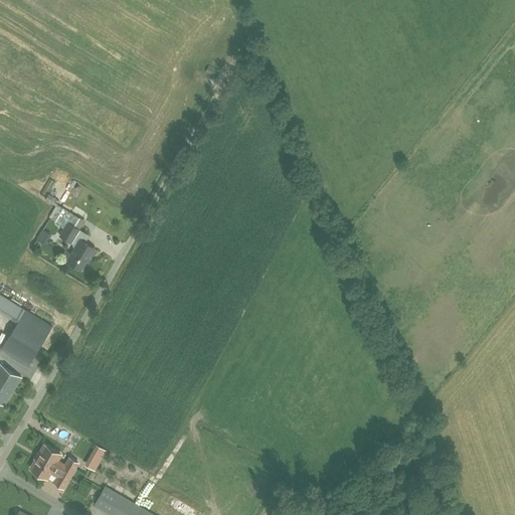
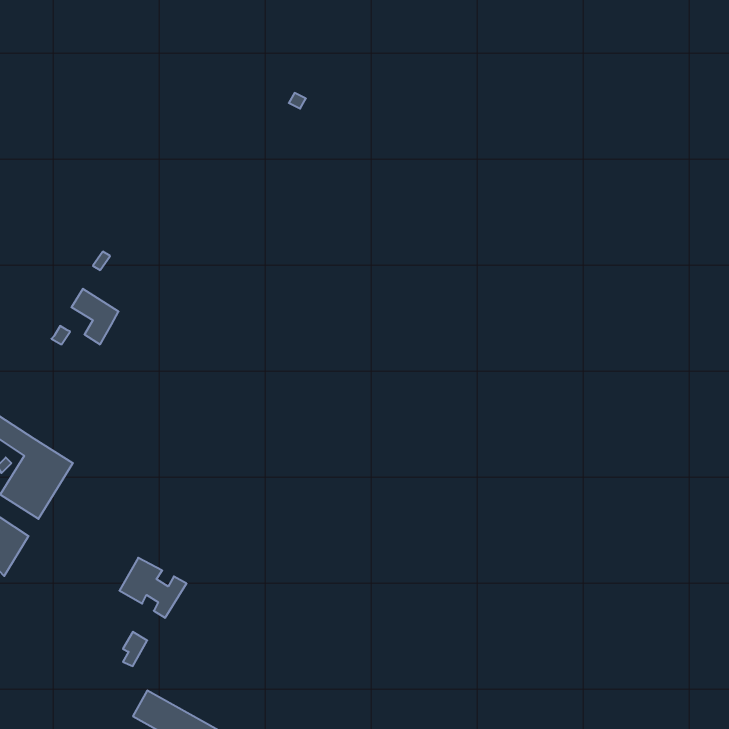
building: [67,240,95,270] -> none
building: [30,446,77,488] -> [119,558,187,618]

